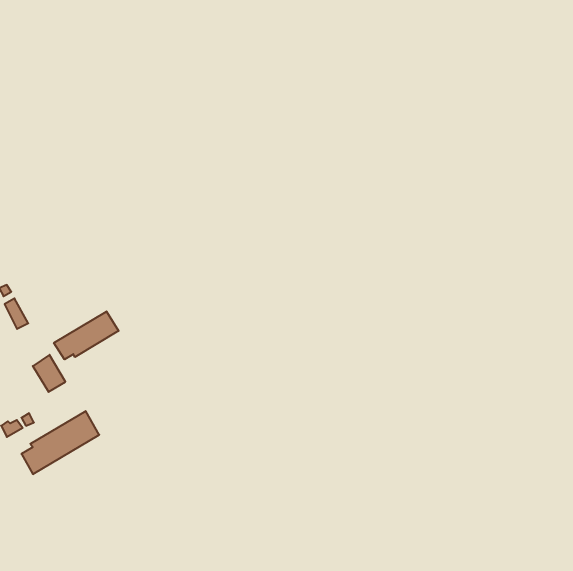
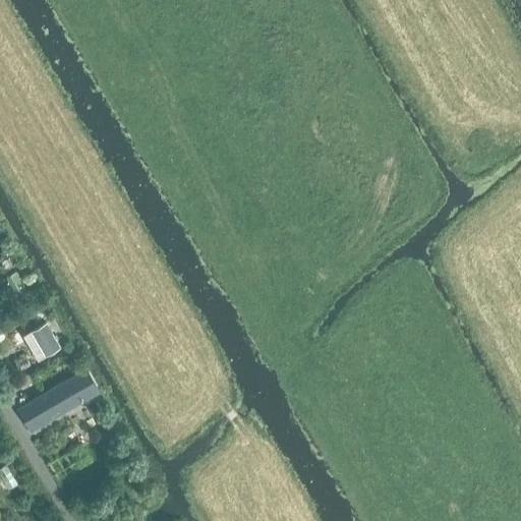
building: [54,311,119,359] -> none

